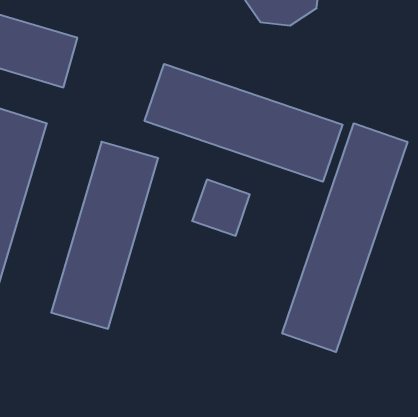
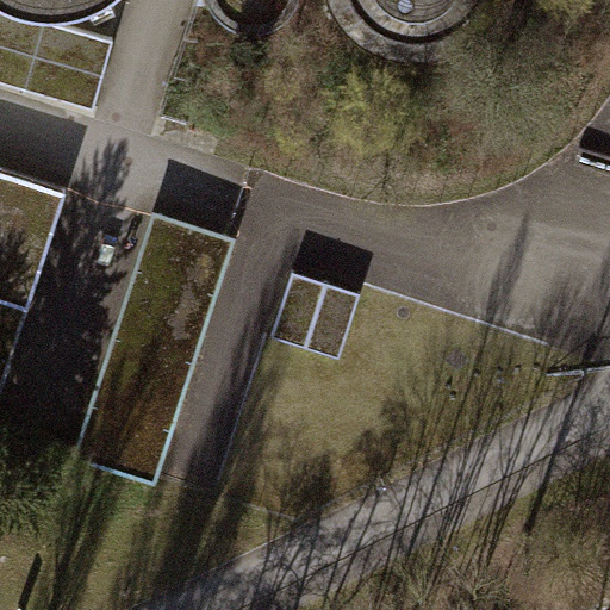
building: [145,64,343,182] -> none
building: [282,123,407,352] -> none

